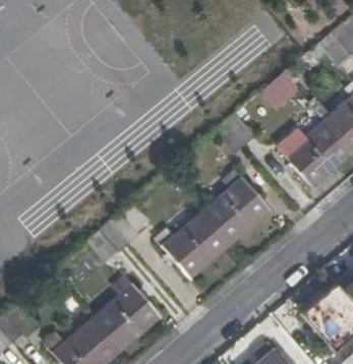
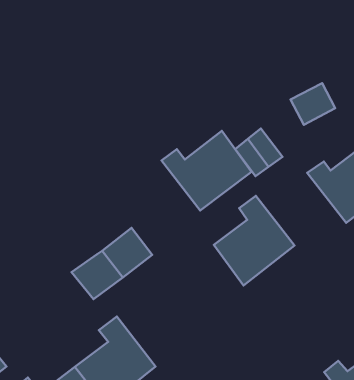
building: [155,210,230,278] -> [161,131,251,210]

